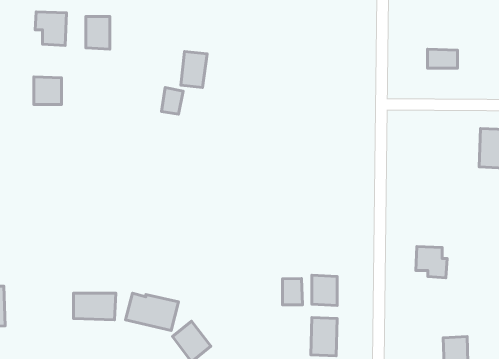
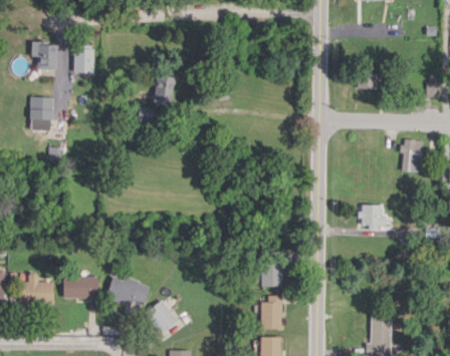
building: [416,246,447,278] -> [359,205,385,231]
building: [282,279,302,305] -> none
building: none -> [19,273,52,303]

